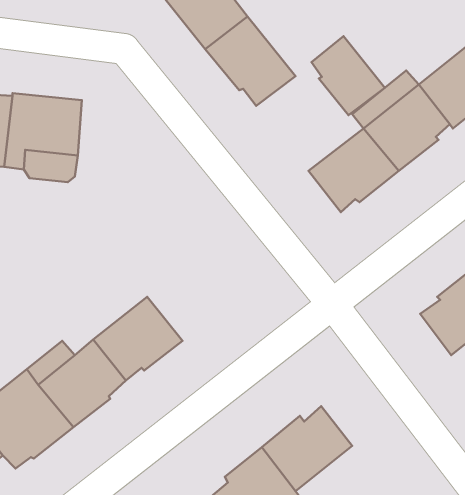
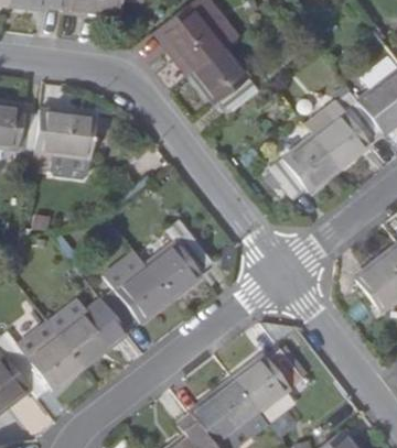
building: [311,36,385,115] -> none
building: none -> [142,220,211,301]

